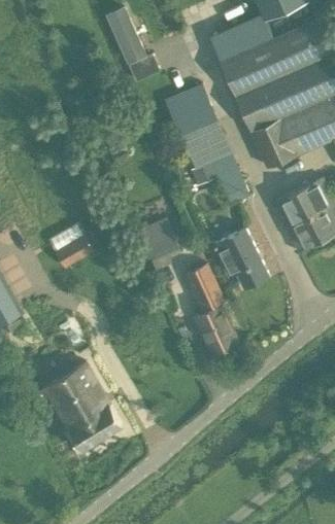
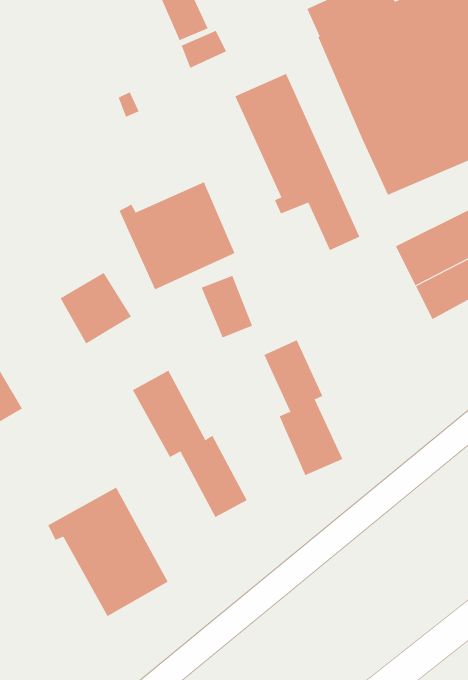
building: none -> [119,181,235,290]
building: [213,230,268,286] -> none
building: none -> [132,370,248,518]

